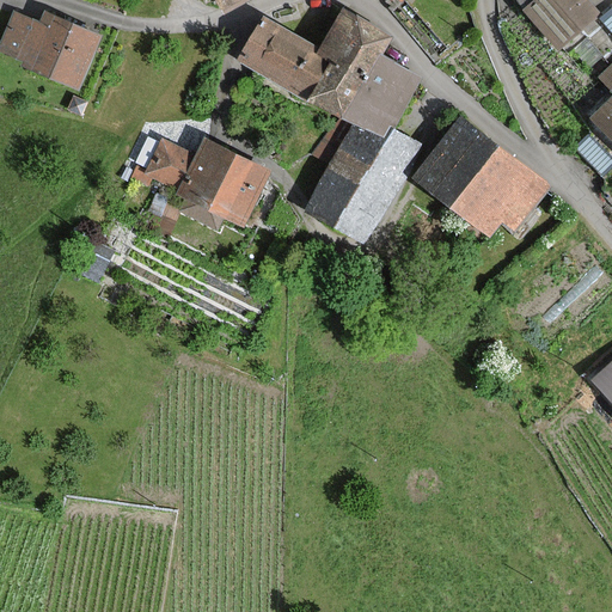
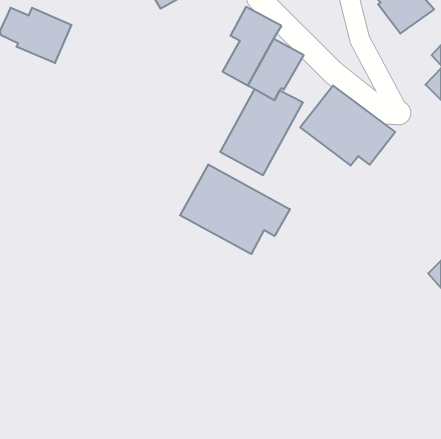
building: [239,18,332,99] -> none
building: [145,137,270,226] -> none
building: none -> [180,164,290,254]

